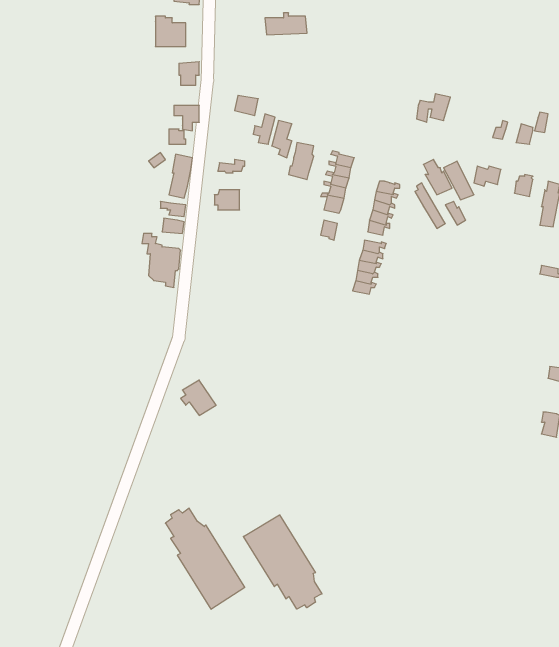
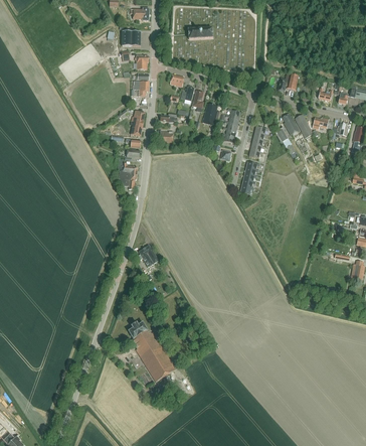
building: [243,515,322,609] -> none

